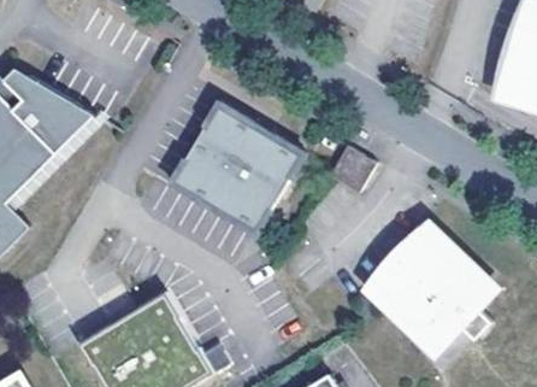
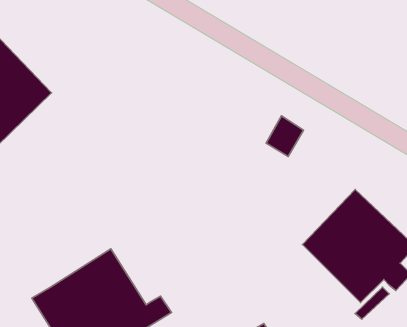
building: [171,104,308,238] -> none

